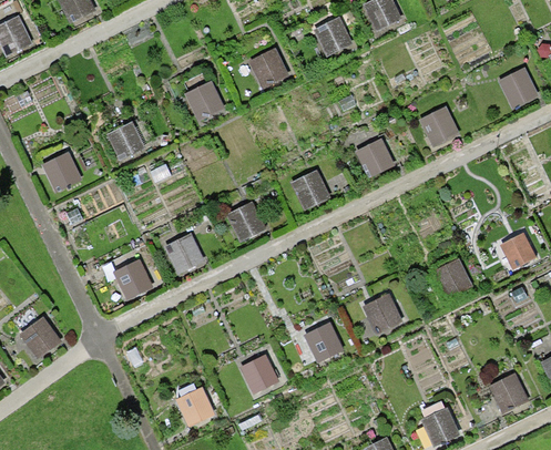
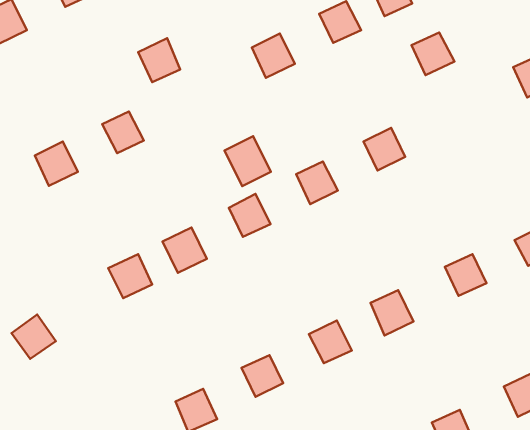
building: [184,80,224,122] -> [138,38,180,82]
building: [419,106,460,147] -> [411,32,454,75]
building: none -> [225,136,271,186]

